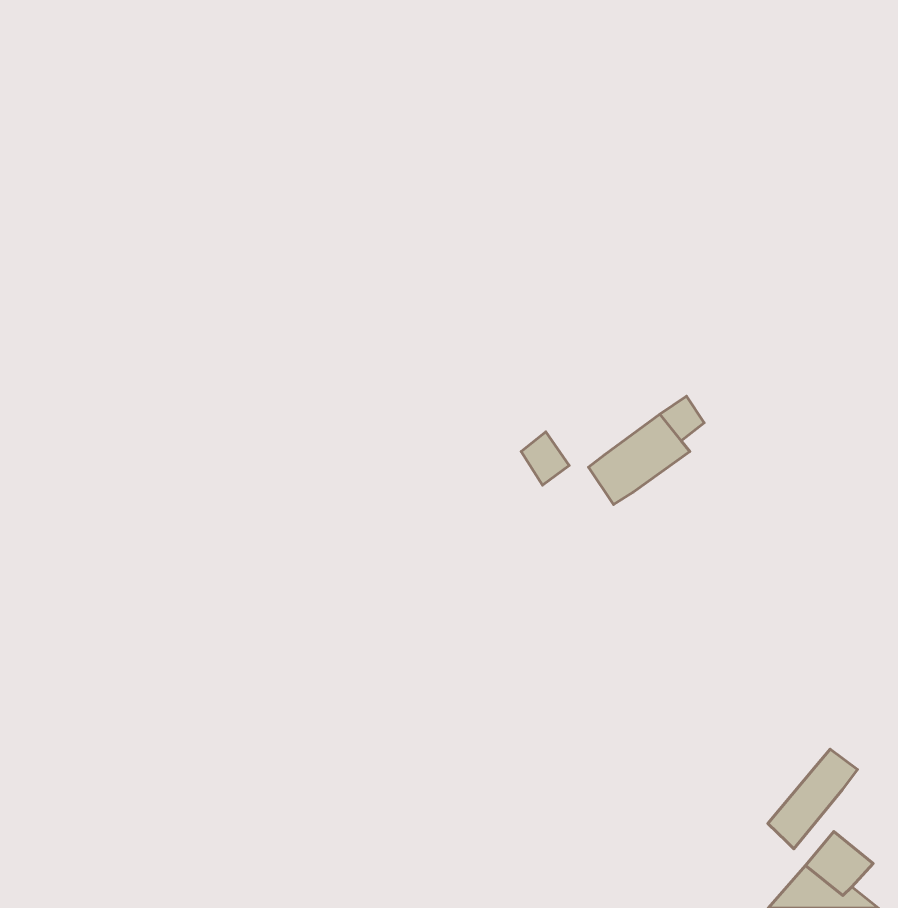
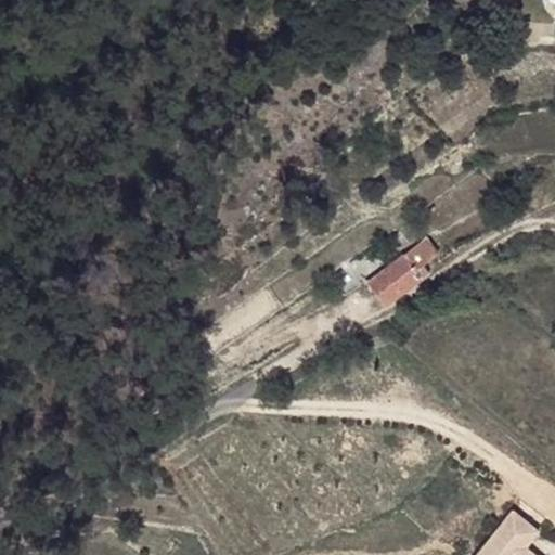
building: [768,749,858,849] -> none

